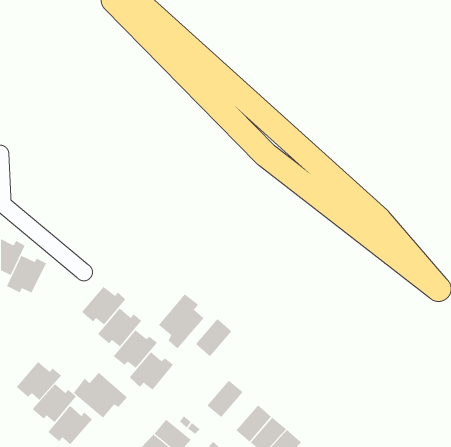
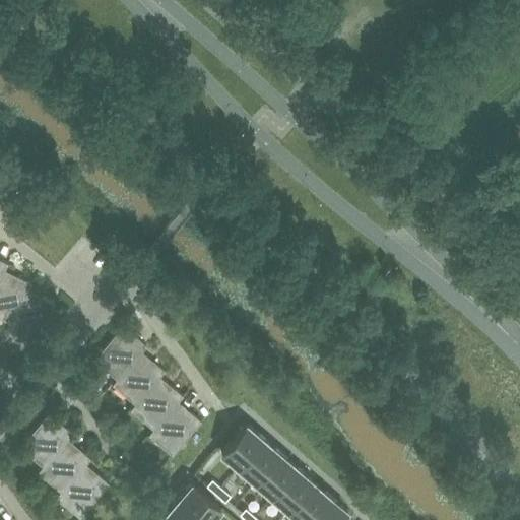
building: [149,293,204,349] -> none
building: [195,318,232,357] -> [220,427,263,471]
building: [73,372,128,427] -> none
building: none -> [255,456,297,500]

